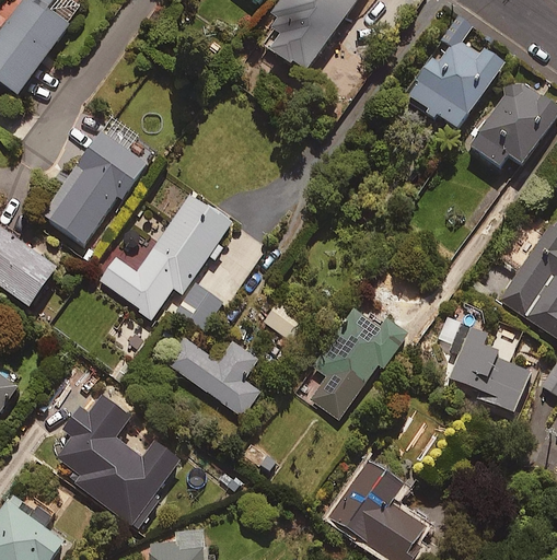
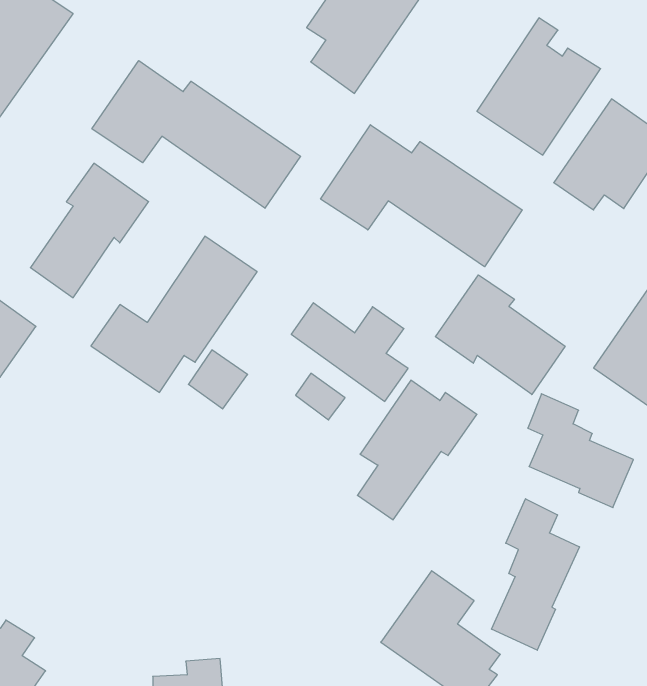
building: none -> [92,61,301,208]
building: none -> [321,125,522,267]
building: none -> [435,275,565,395]
building: [166,338,259,417] -> [291,303,408,401]
building: none -> [492,499,579,650]
building: [70,404,178,529] -> none

